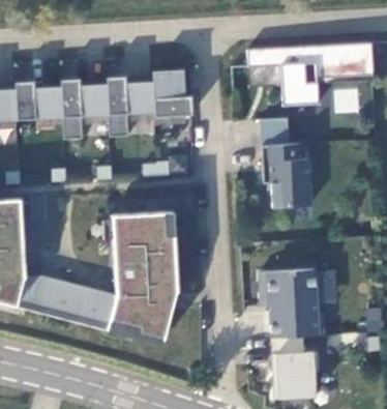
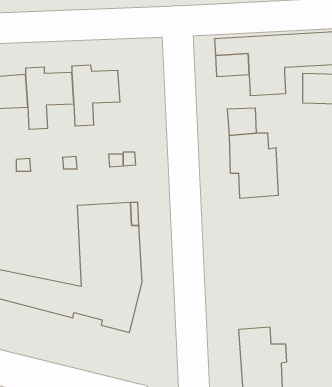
building: [153,69,192,117] -> none
building: [261,269,324,338] -> none

